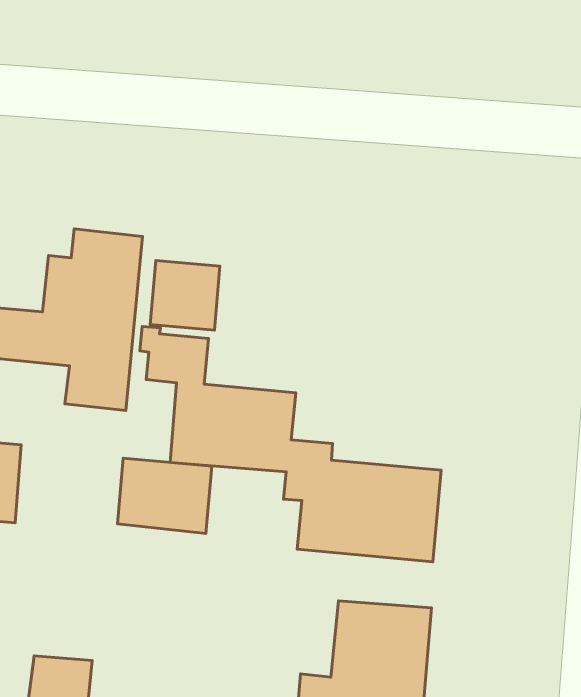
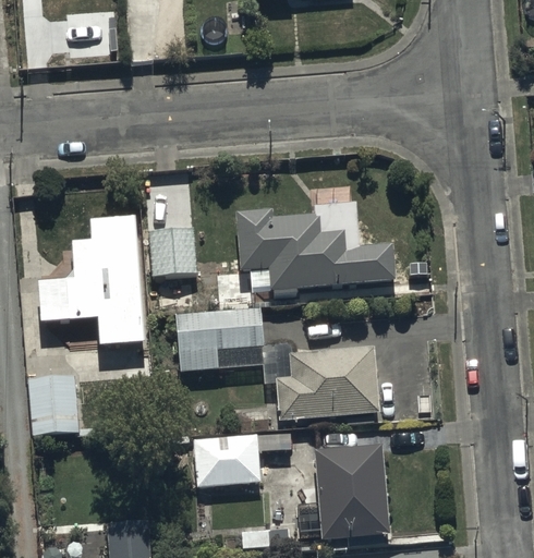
building: none -> [236,203,397,296]
building: [117,458,212,533] -> [193,435,259,486]

